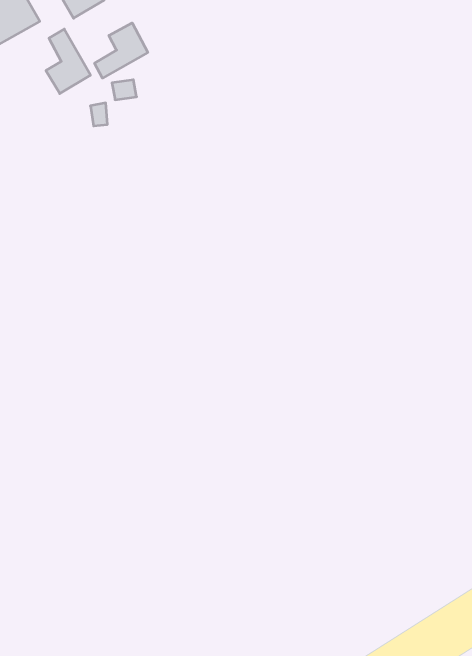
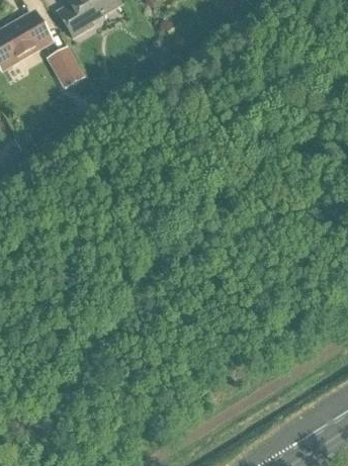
building: [95,23,148,78] -> none

